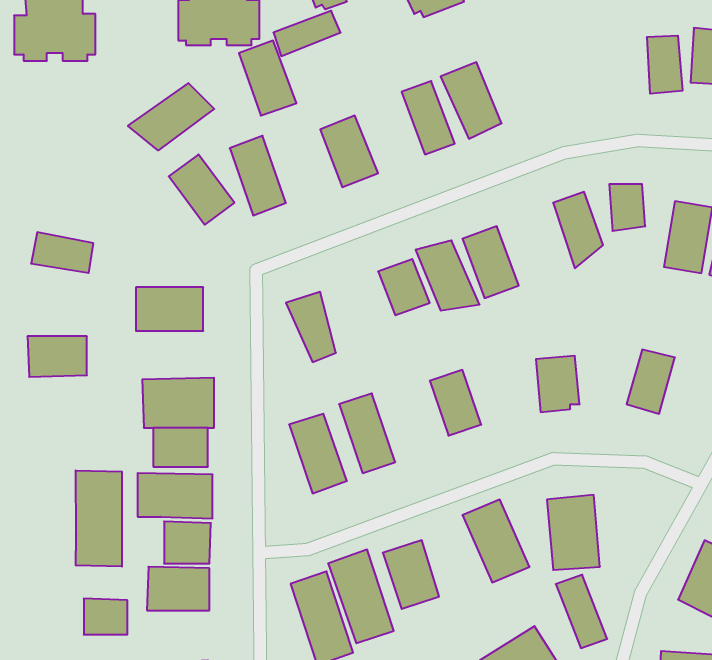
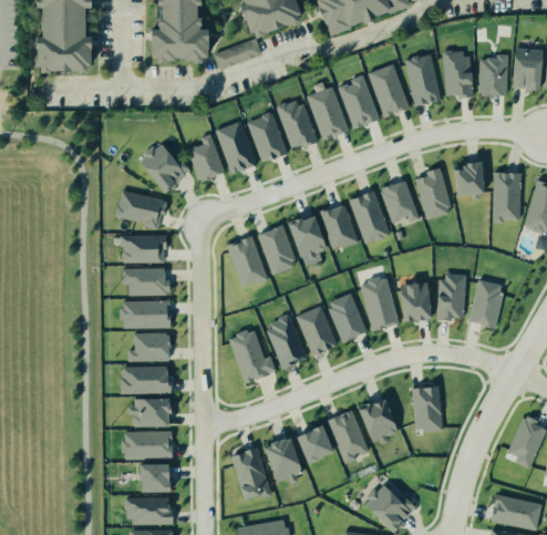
building: none -> [409,53,444,103]
building: none -> [447,55,474,93]
building: [239,41,297,116] -> [219,122,260,175]
building: none -> [374,66,407,115]
building: [128,83,214,150] -> none
building: none -> [281,96,313,143]
building: none -> [378,181,417,224]
building: [31,232,93,273] -> [115,191,159,219]
building: none -> [255,218,301,279]
building: [27,336,87,377] -> [125,269,167,298]
building: none -> [438,274,469,320]
building: none -> [358,276,396,330]
building: none -> [293,308,333,360]
building: [76,470,122,567] -> none
building: [556,575,607,648] -> [329,404,365,456]
building: [84,599,127,635] -> [138,466,169,492]

